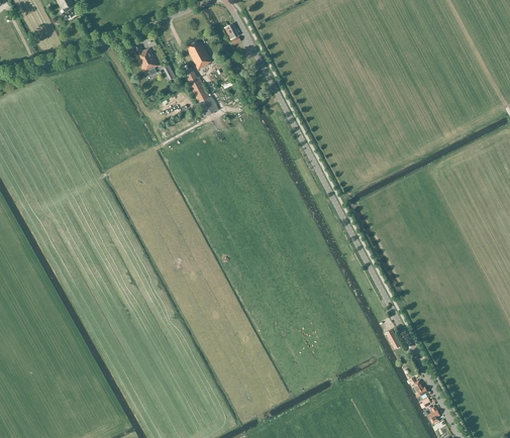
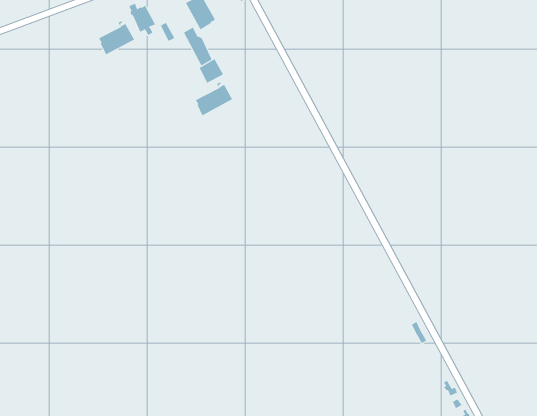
building: none -> [98,21,135,55]
building: none -> [195,82,233,116]

